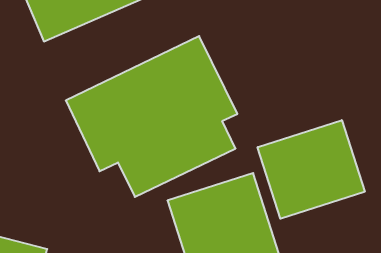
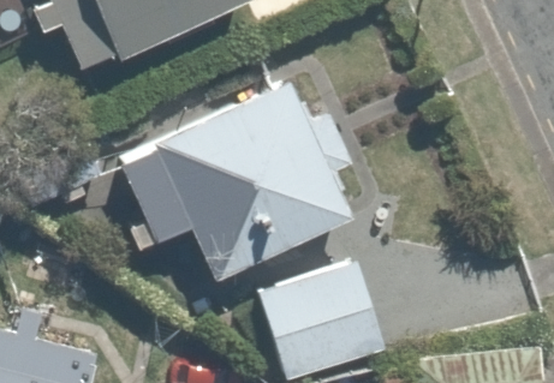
building: [258,120,365,219] -> none

